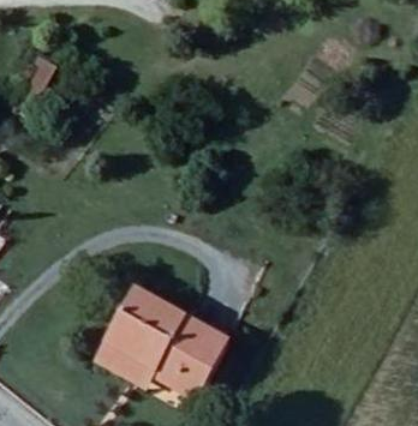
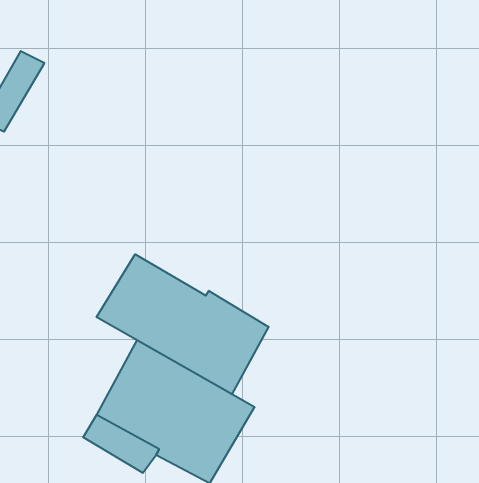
building: none -> [97,254,269,394]

